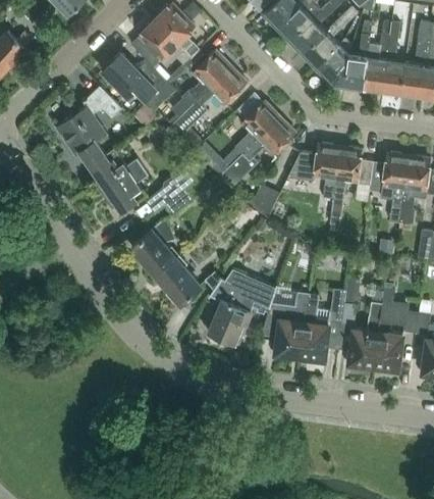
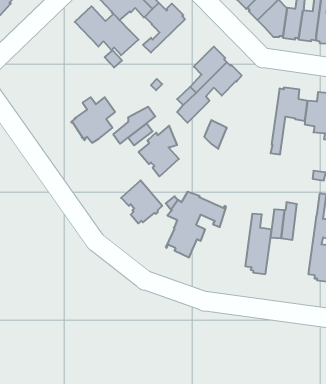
building: [171,67,248,136] -> none
building: [57,87,121,183] -> none
building: [287,143,339,213] -> none
building: [130,216,177,276] -> [139,126,179,176]
building: [260,292,308,359] -> none
building: [347,293,383,369] -> none

